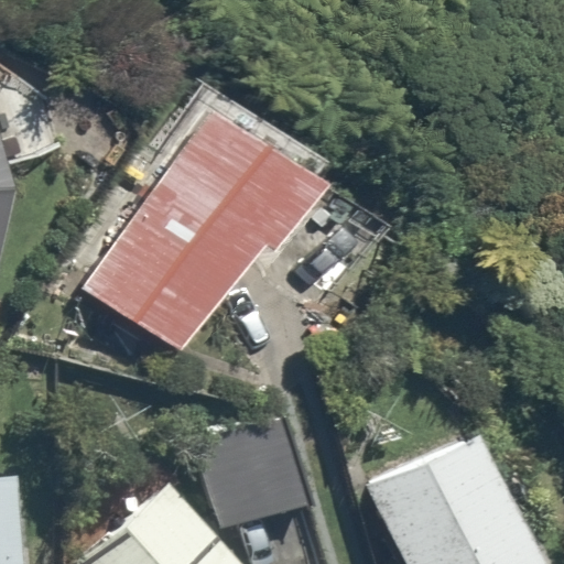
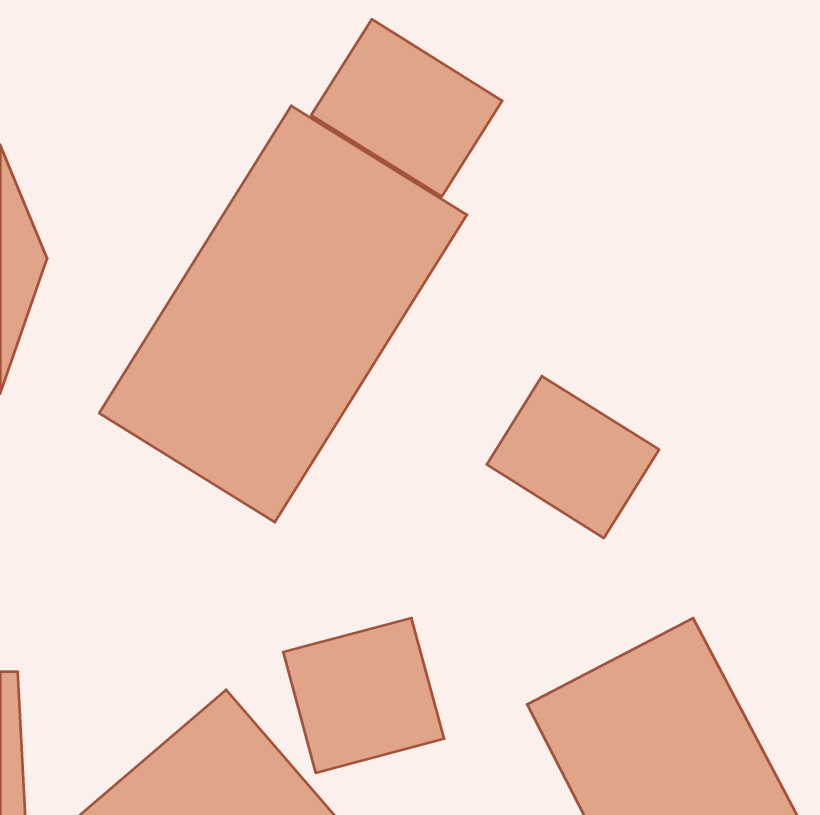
building: none -> [311,19,502,196]
building: none -> [487,376,659,538]

